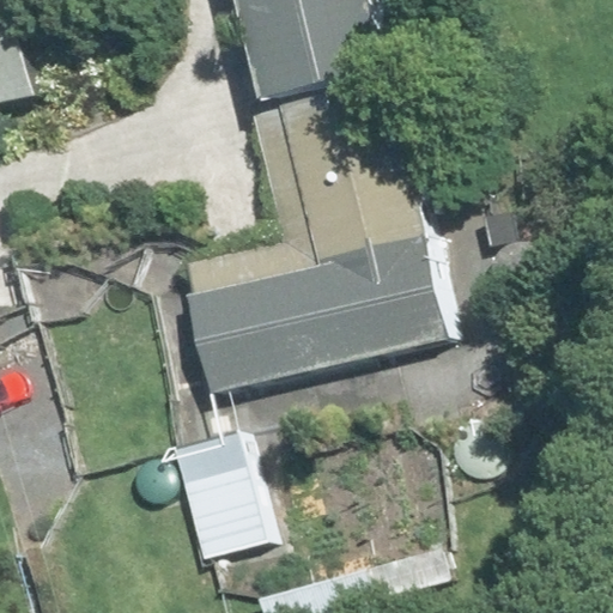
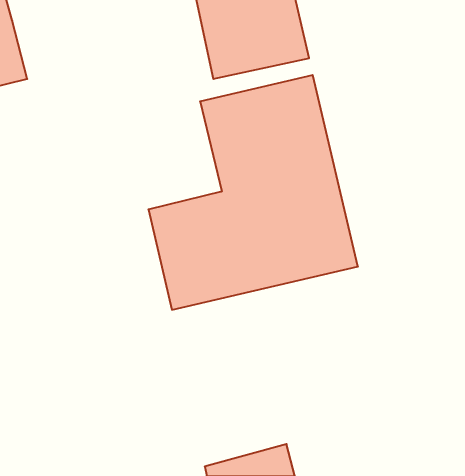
building: [170,421,272,560] -> none

